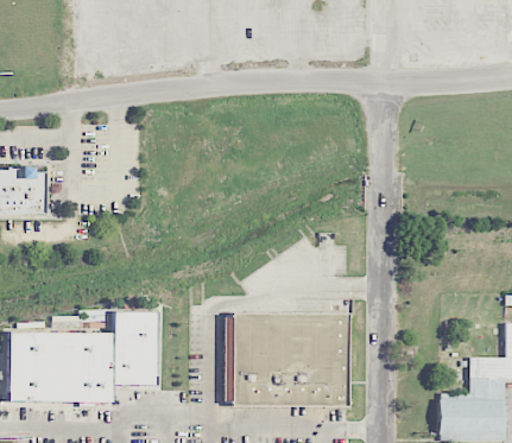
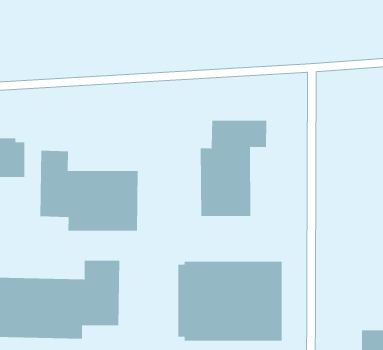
building: none -> [200,120,267,217]
building: none -> [40,150,139,231]

